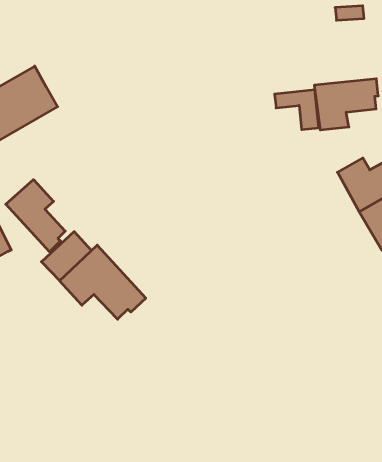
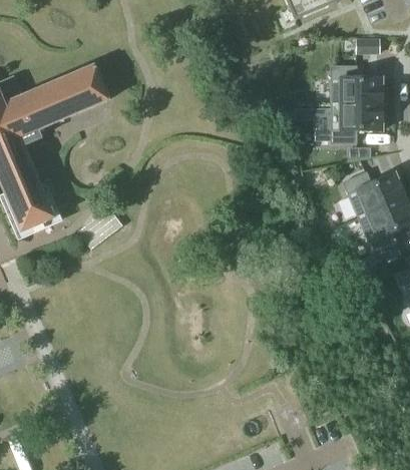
building: none -> [332,65,386,104]
building: [6,180,65,252] -> none
building: [60,245,146,319] -> none

